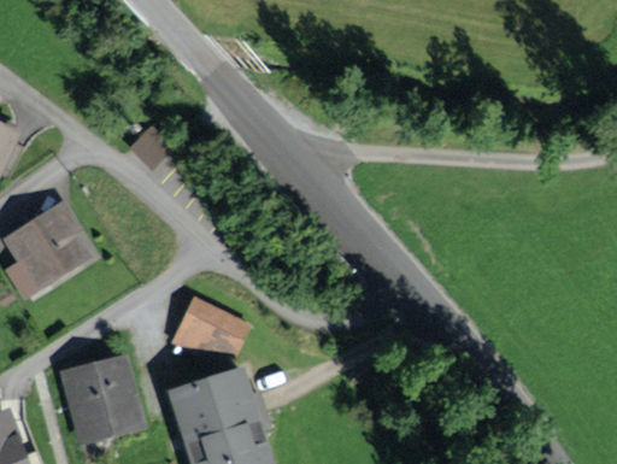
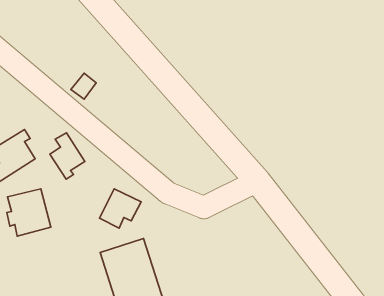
building: none -> [50,133,85,179]
building: [69,363,134,433] -> [7,189,51,236]

